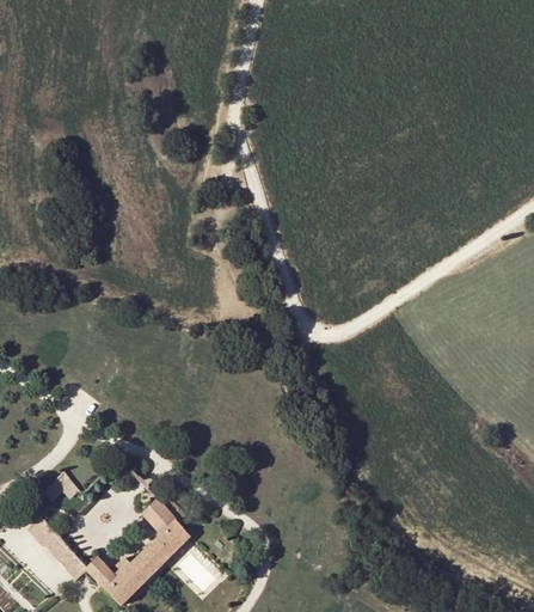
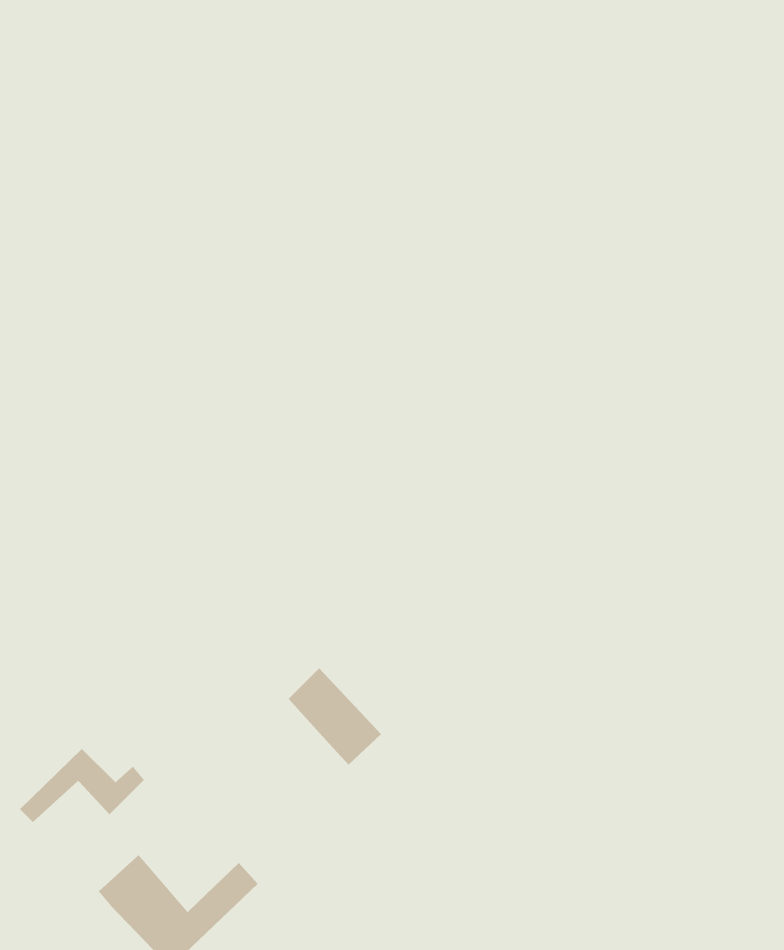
building: [136,491,194,551] -> [288,668,382,766]
building: [26,516,82,576] -> none

